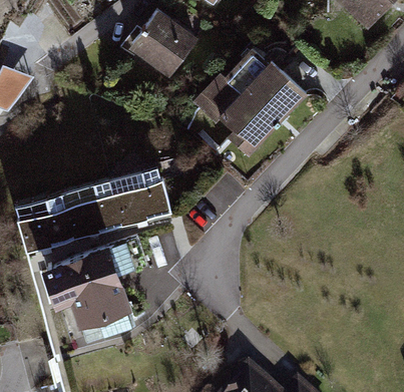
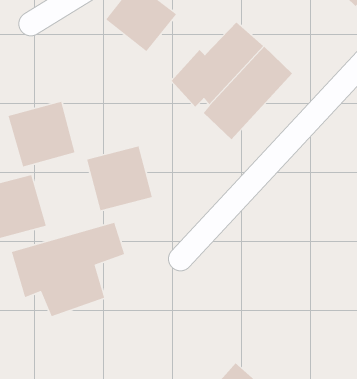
building: [58,177,122,241] -> [8,101,75,168]

